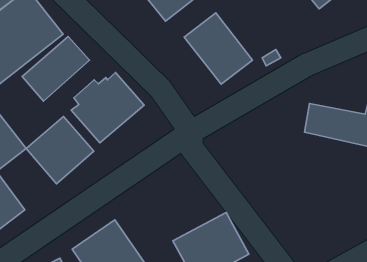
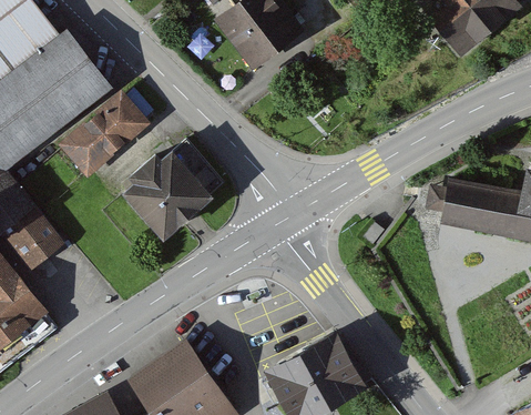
building: [184,13,253,84] -> none
building: [26,117,94,184] -> none

